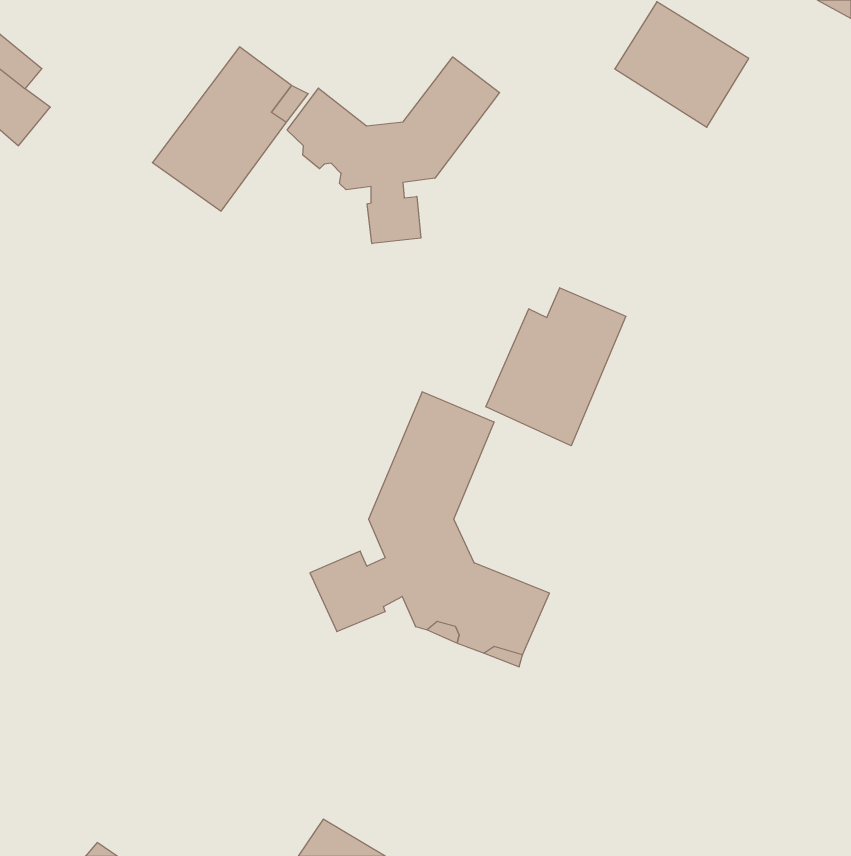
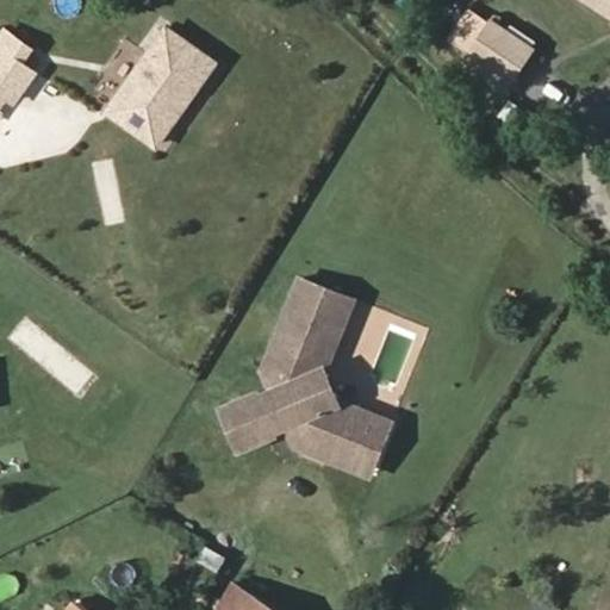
building: [287,57,500,244] -> none
building: [486,288,626,446] -> none

